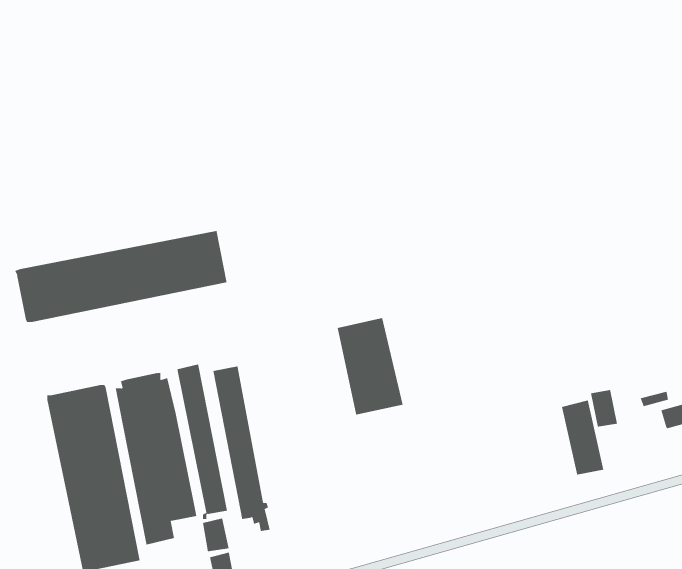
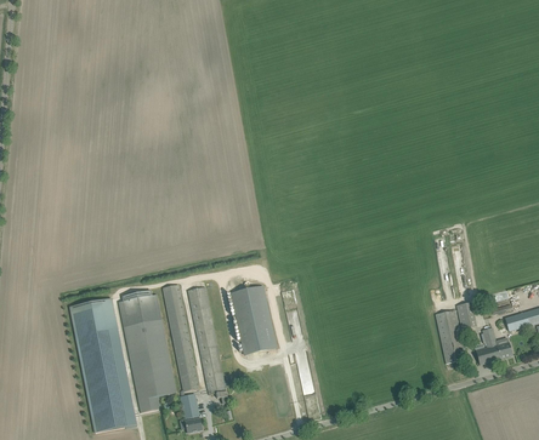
building: [15,230,227,323] -> none
building: [337,318,403,415] -> [229,285,277,354]
building: none -> [475,326,511,364]

